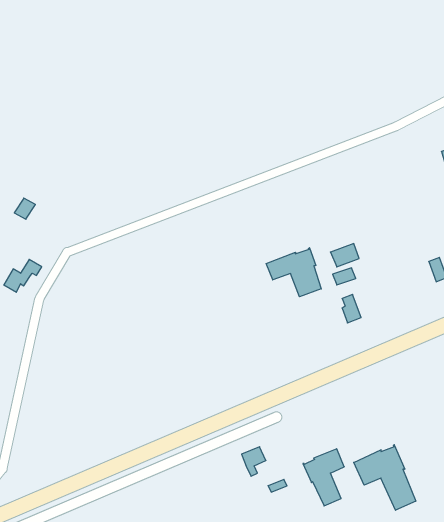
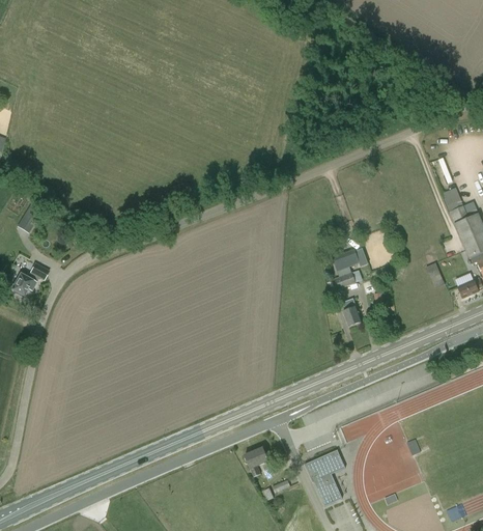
building: [266,248,321,297] -> none
building: [354,445,416,510] -> none

